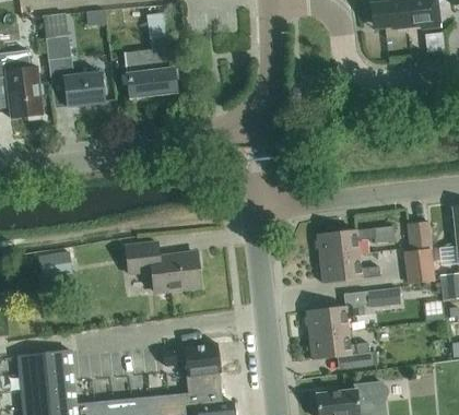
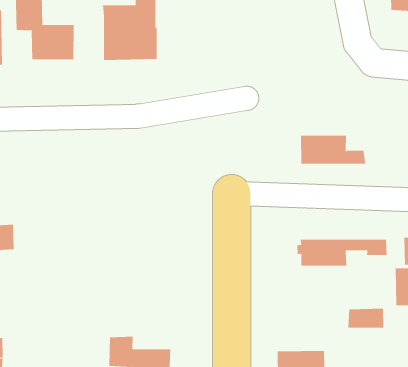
building: [126,241,201,290] -> none
building: [321,253,381,283] -> [300,135,366,164]
building: [305,305,365,334] -> none

